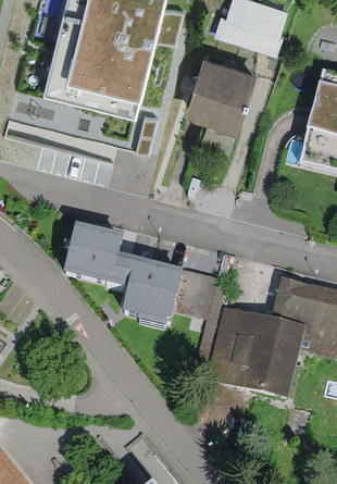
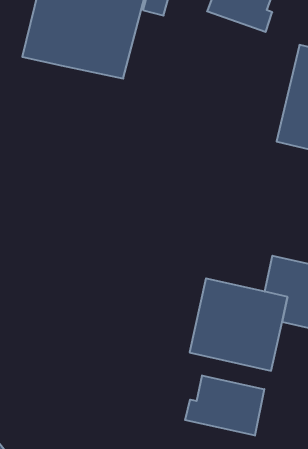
building: [191,58,263,133] -> none
building: [61,214,224,334] -> none
building: none -> [185,375,264,436]

